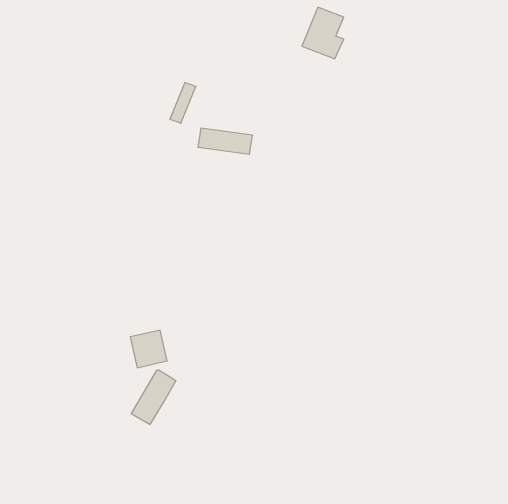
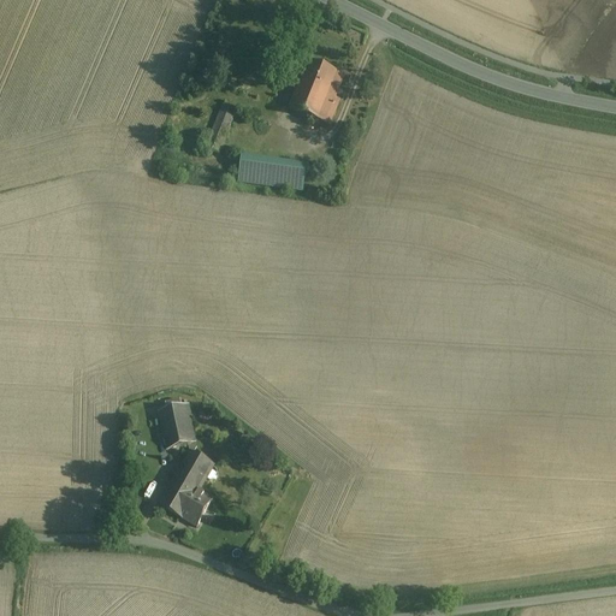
building: [302,7,344,59] -> [290,58,340,120]
building: none -> [182,486,213,523]

